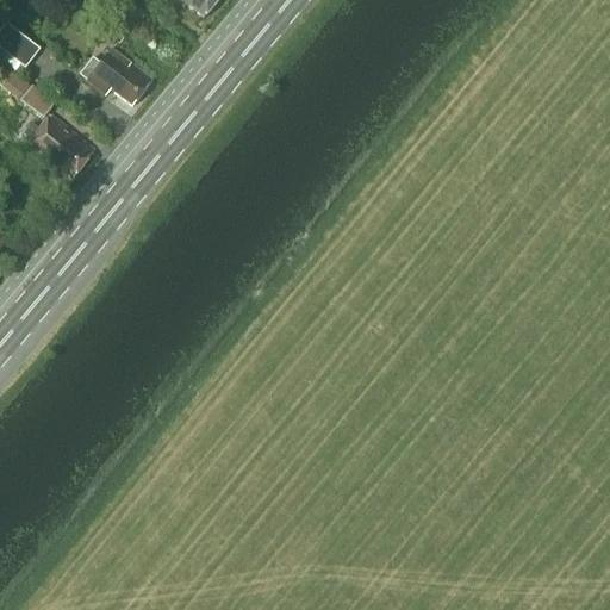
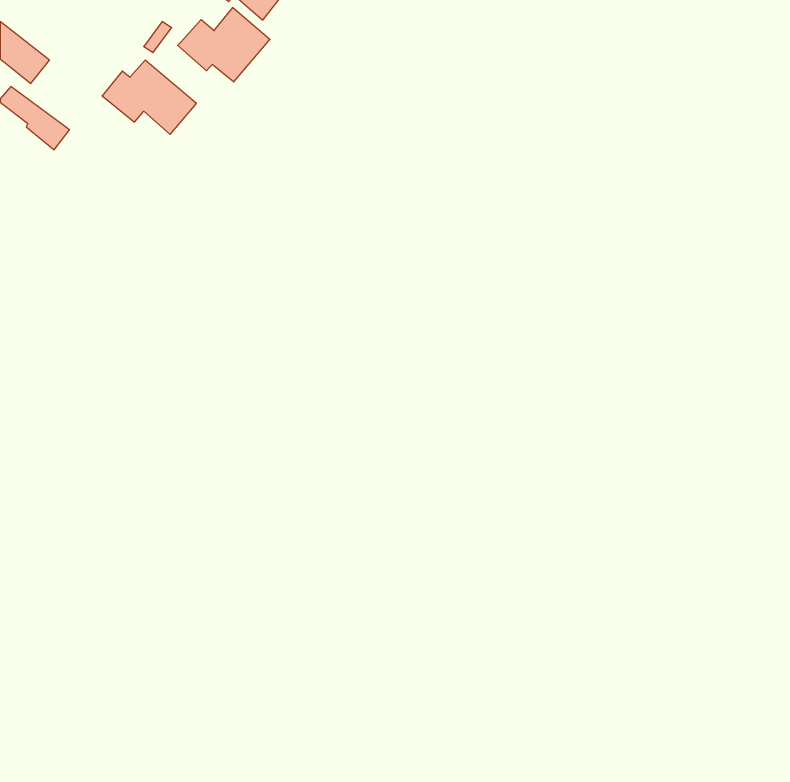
building: none -> [178,8,270,82]
building: [24,114,94,176] -> none

